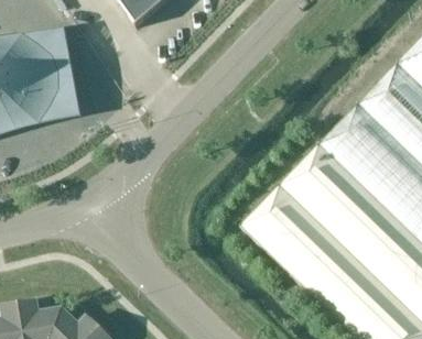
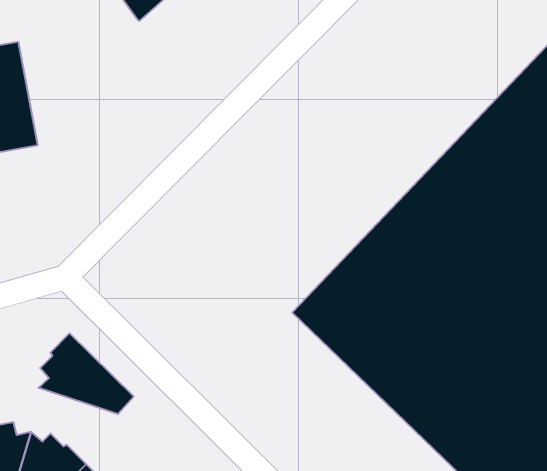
building: none -> [38,333,134,414]

